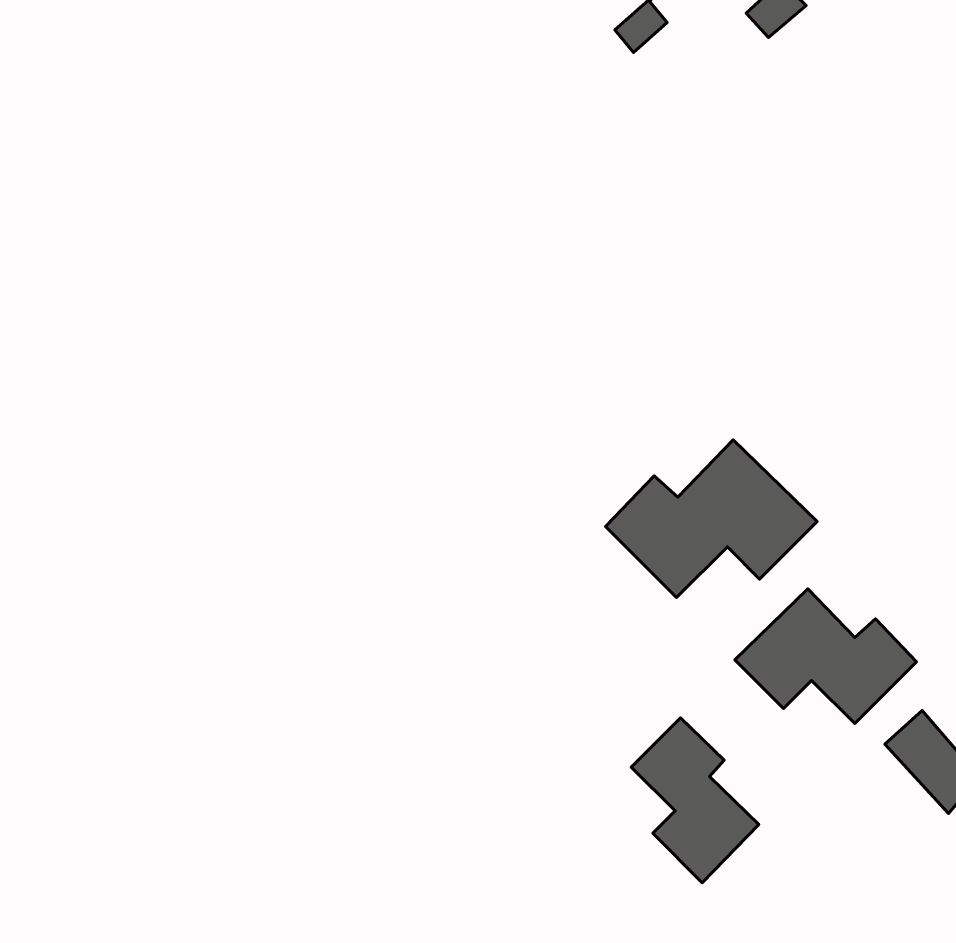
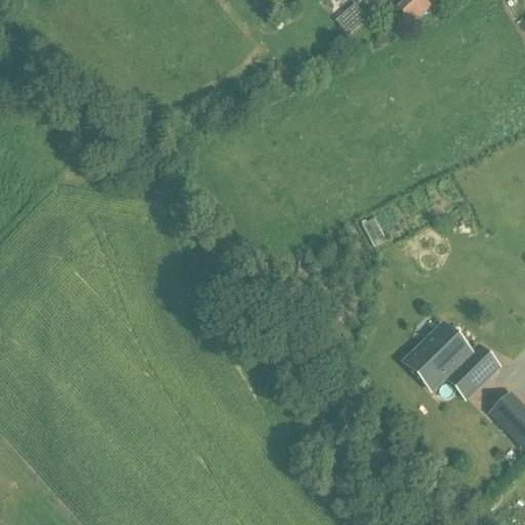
building: [606,440,817,598] -> none
building: [631,718,759,883] -> none

